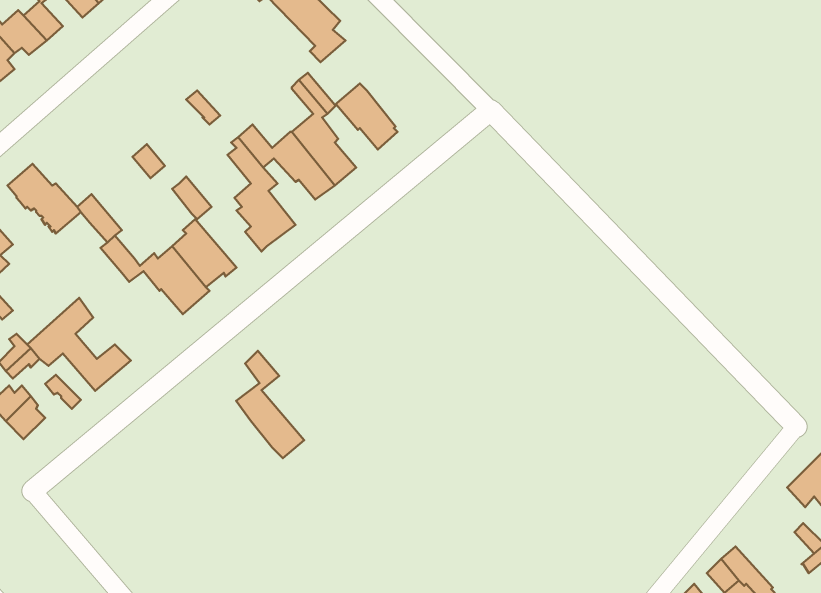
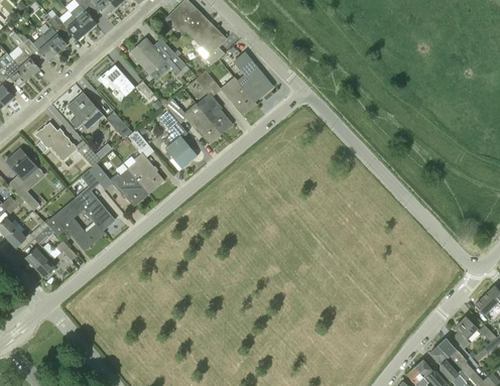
building: none -> [130,38,174,74]
building: none -> [233,53,270,101]
building: none -> [99,65,135,96]
building: none -> [68,93,104,130]
building: [236,351,304,458] -> [76,169,114,230]
building: none -> [454,316,477,349]

